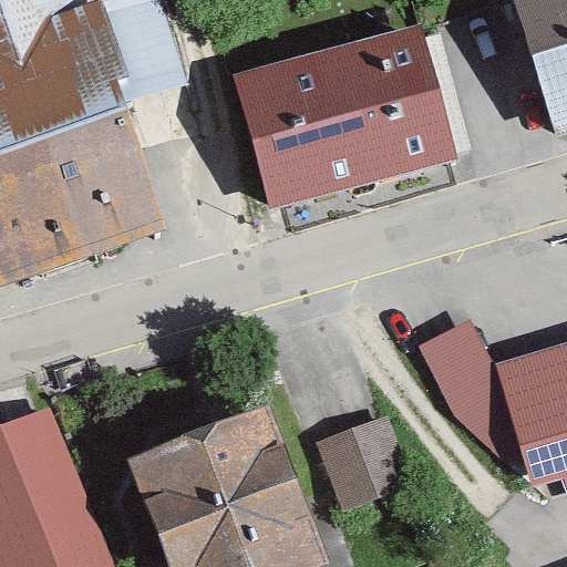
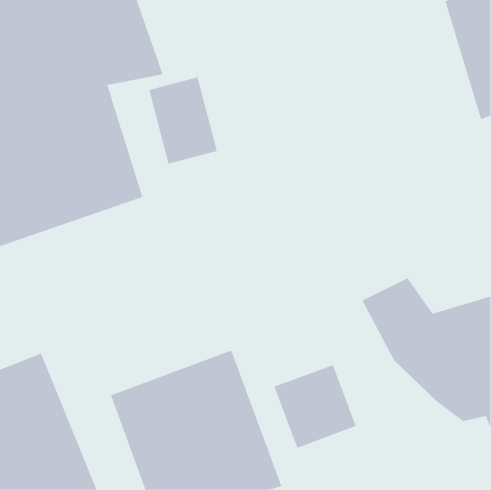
building: [245,39,468,207] -> none
building: none -> [149,77,217,165]

